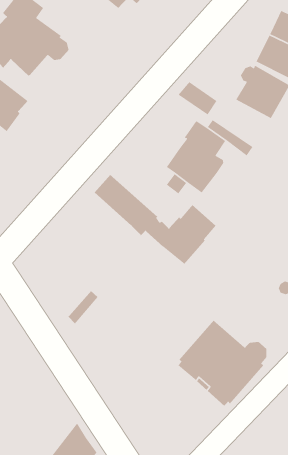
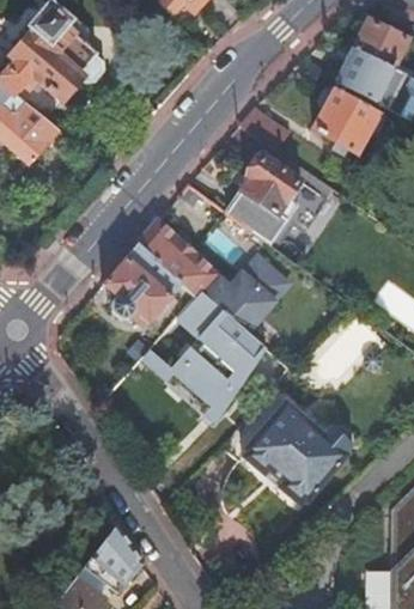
building: none -> [105,244,184,328]
building: none -> [142,292,267,416]

